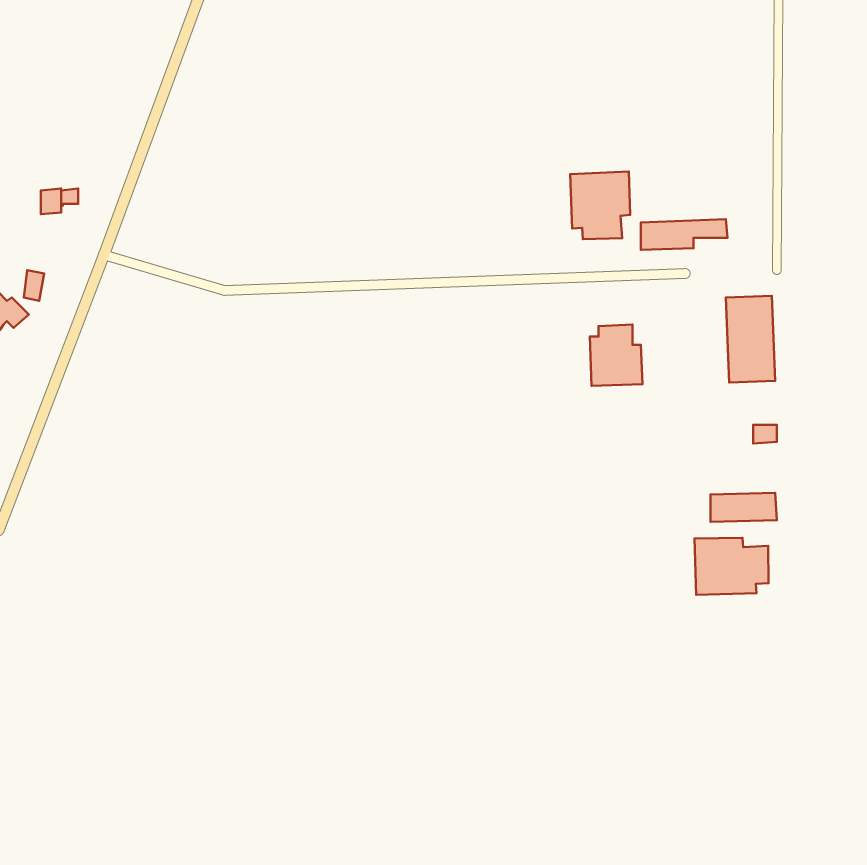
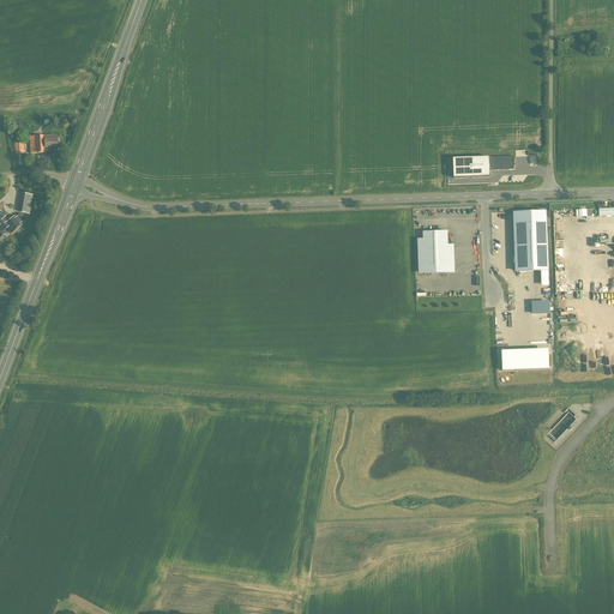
building: [570,172,630,239] -> none
building: [695,538,768,595] -> none

